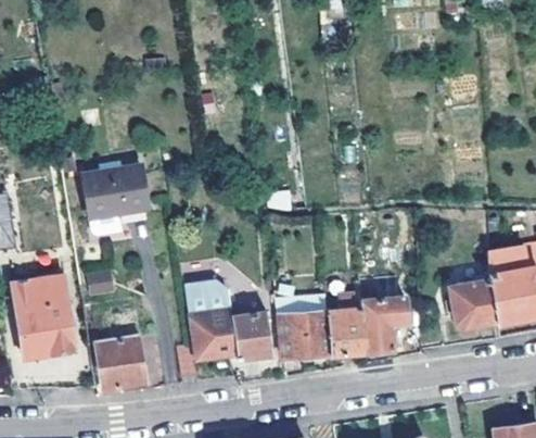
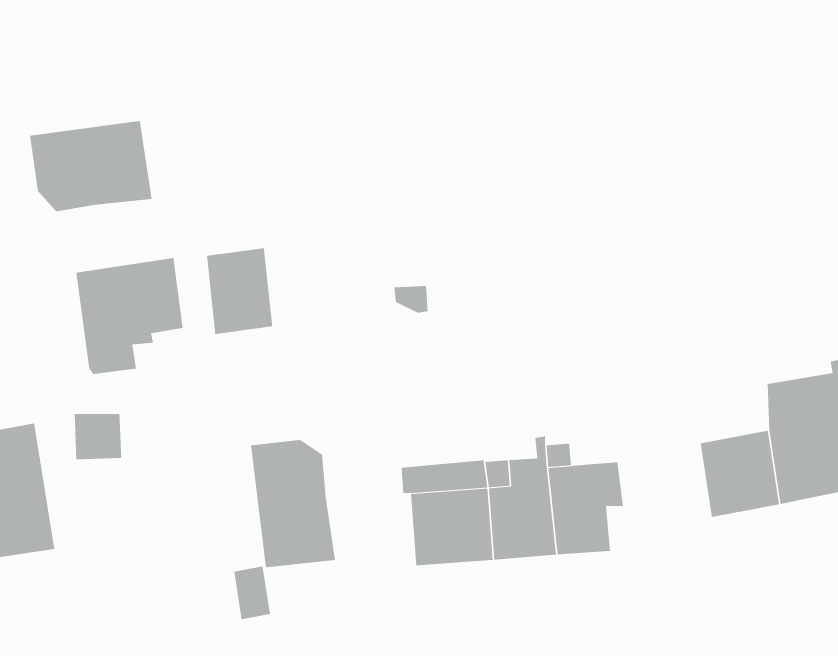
building: none -> [30,120,152,212]
building: none -> [206,247,273,335]
building: [232,313,275,360] -> none
building: [97,337,148,390] -> none

